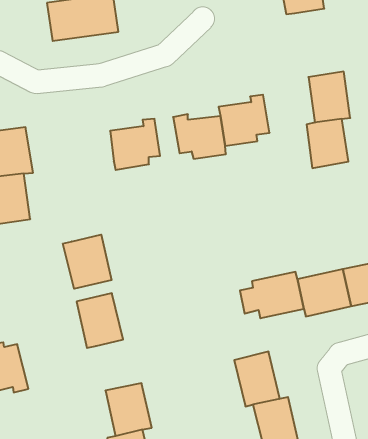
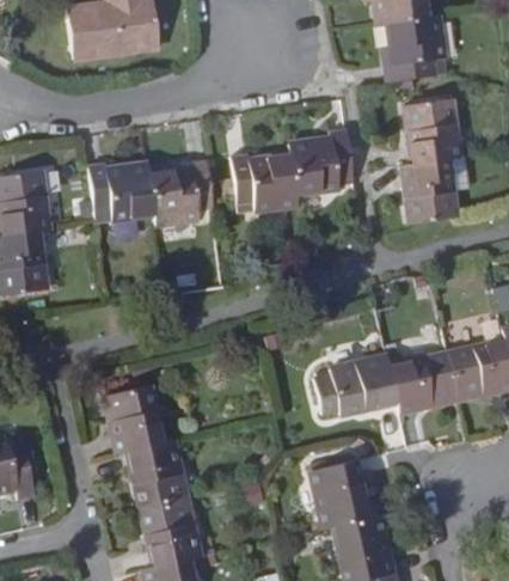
building: none -> [386,14,443,80]
building: none -> [88,161,153,219]
building: [63,235,112,289] -> none
building: none -> [129,440,189,508]

